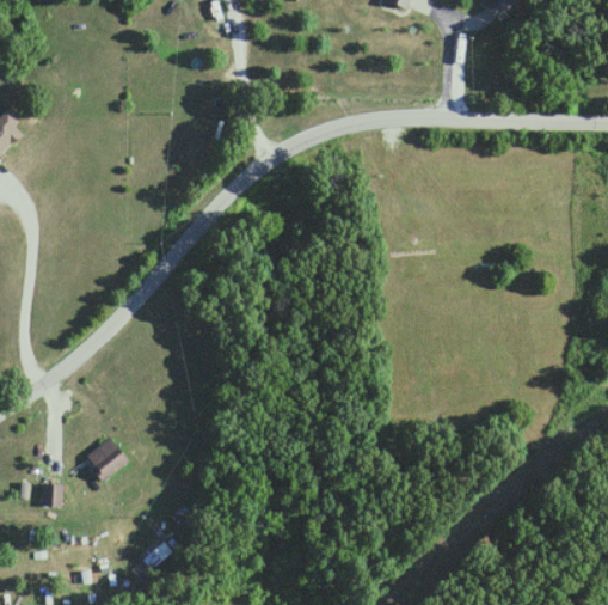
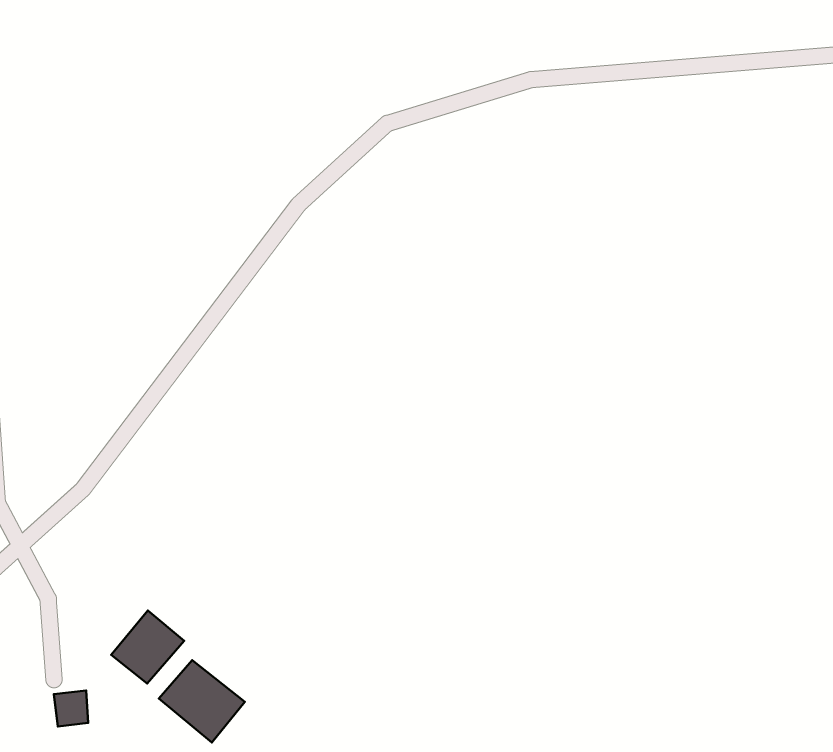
building: none -> [159,660,245,742]

